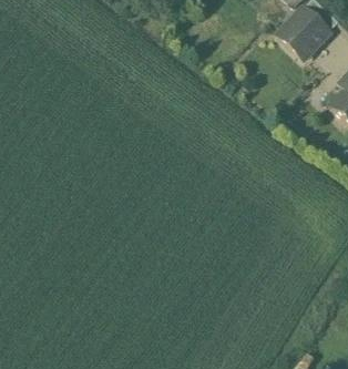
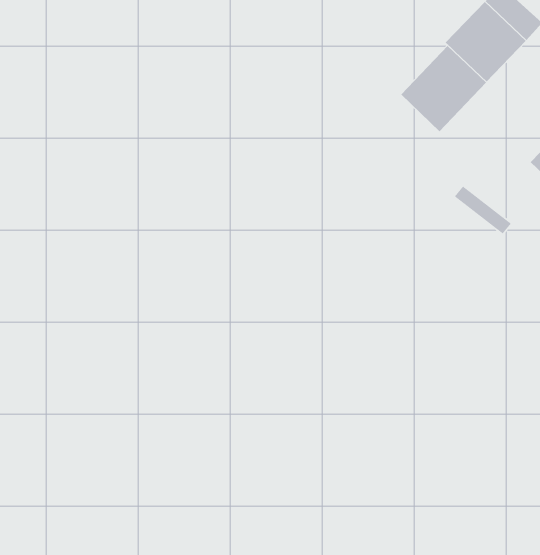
building: none -> [400,45,487,132]

